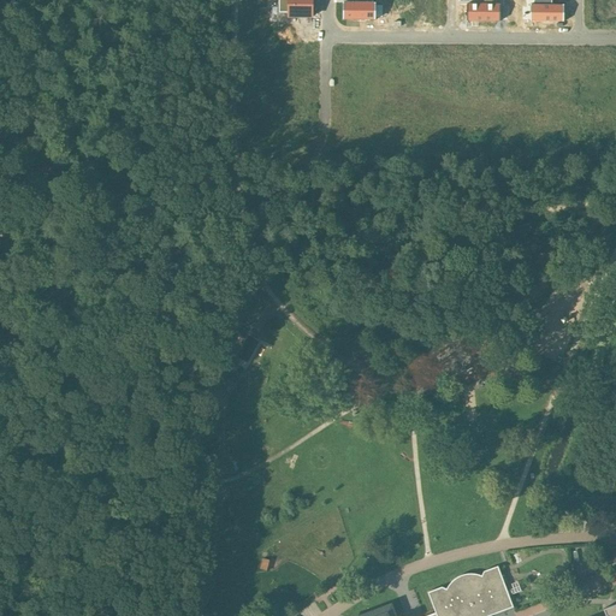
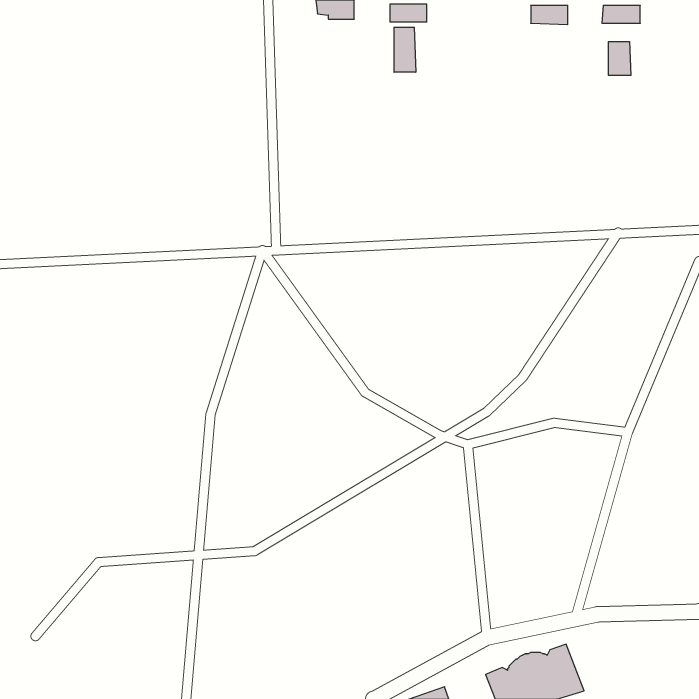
building: none -> [394,27,416,72]
building: none -> [608,42,631,75]

